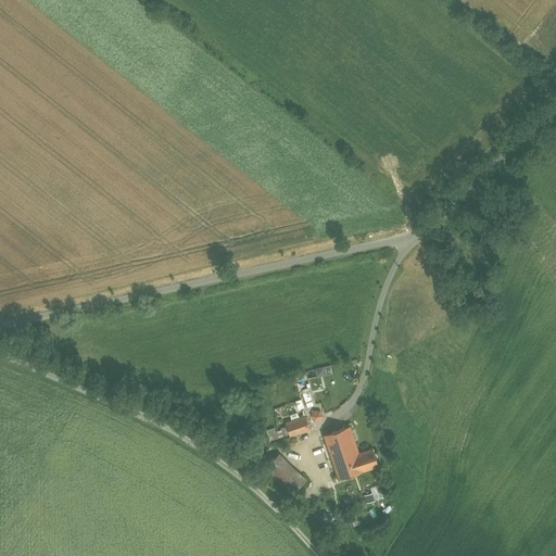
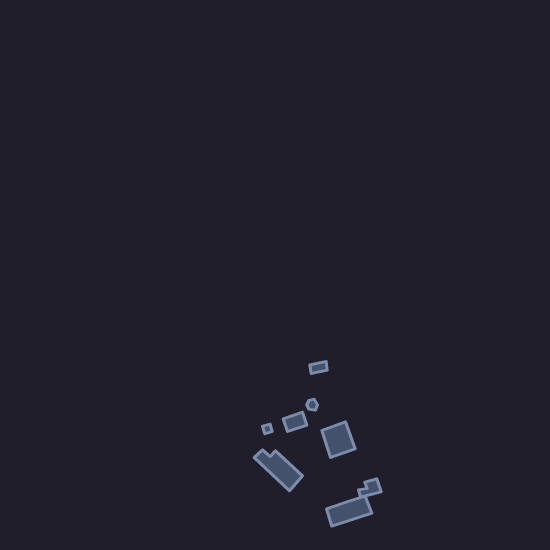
building: [333,448,379,479] -> [326,496,372,526]

